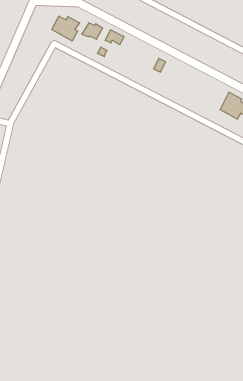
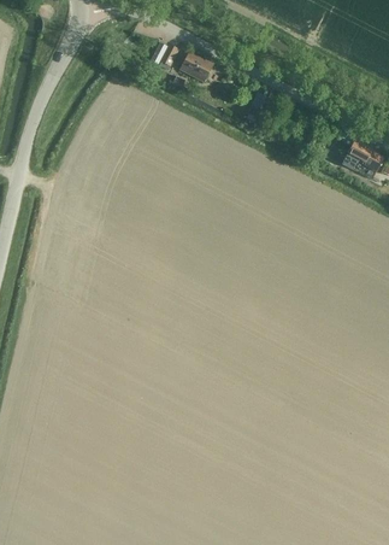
building: [52,16,80,41] -> none

